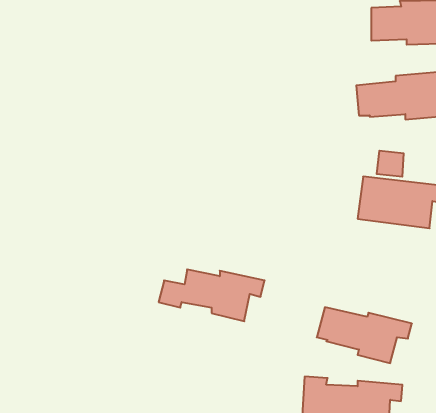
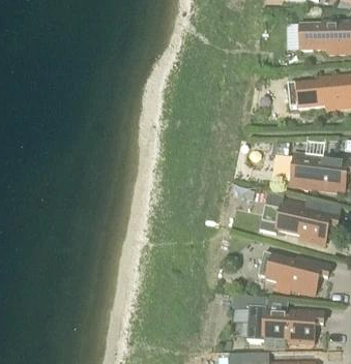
building: [159,269,265,321] -> [259,205,340,244]

